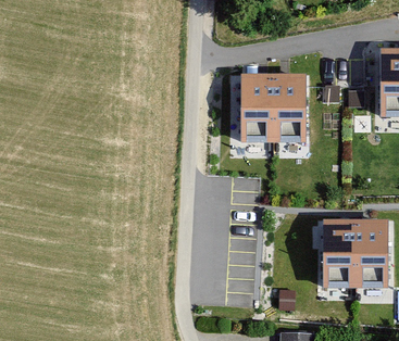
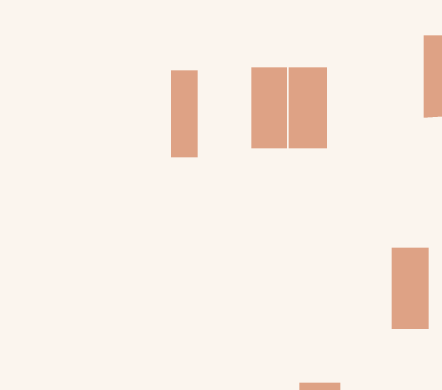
building: none -> [170,69,199,158]
building: [324,222,356,289] -> none

